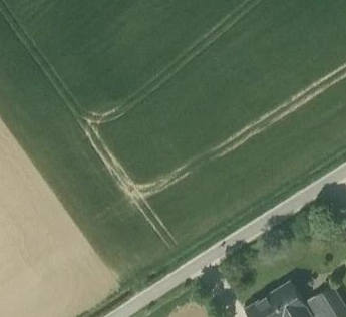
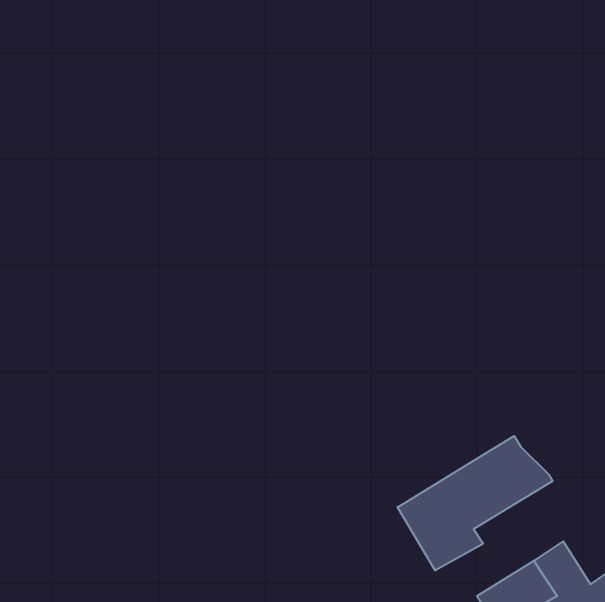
building: none -> [397,436,553,571]

